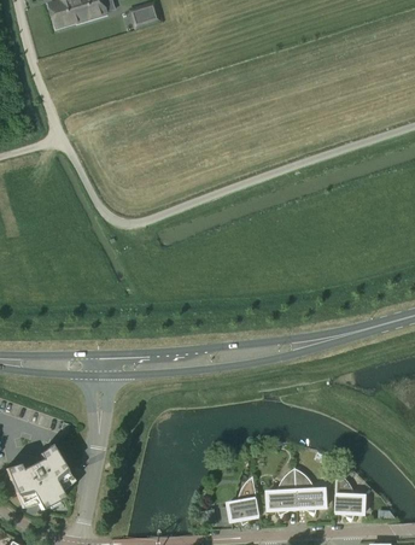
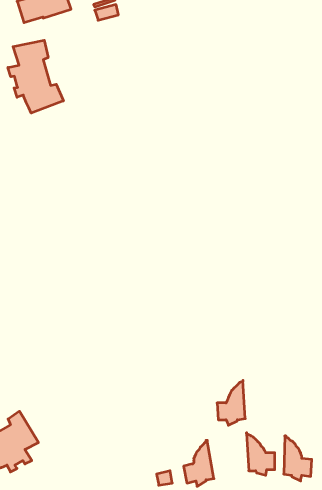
building: none -> [8,40,63,113]
building: [268,467,298,515] -> [217,380,245,425]

